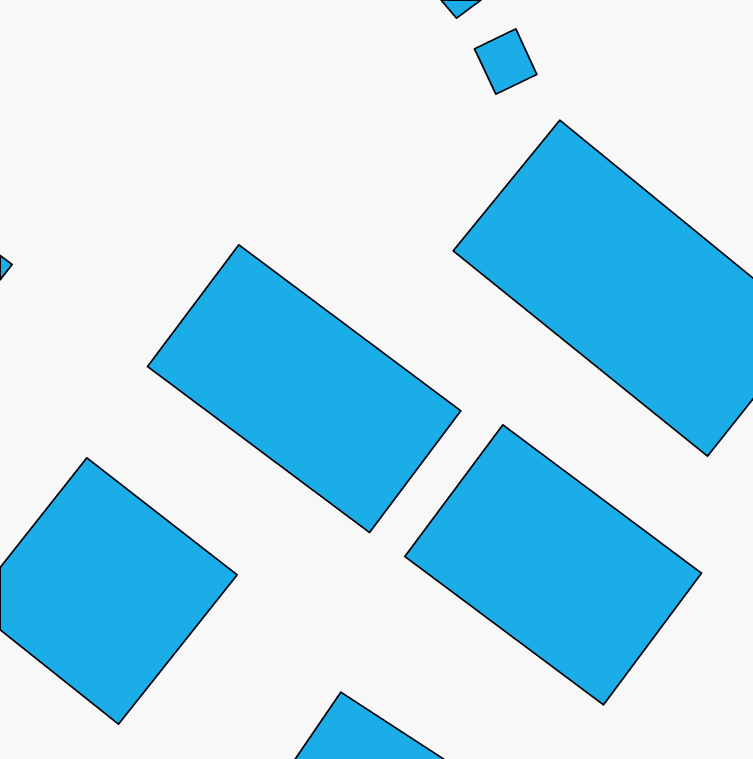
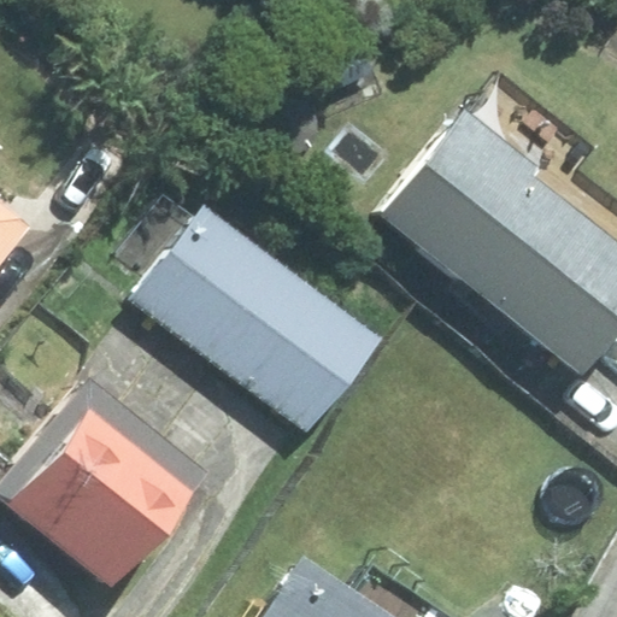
building: [405,425,702,705] -> none

